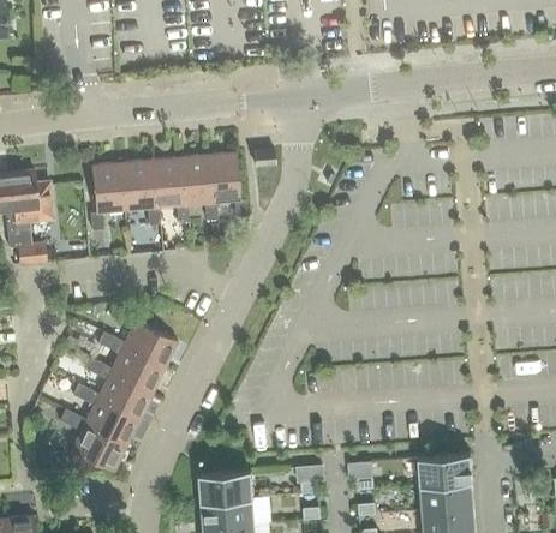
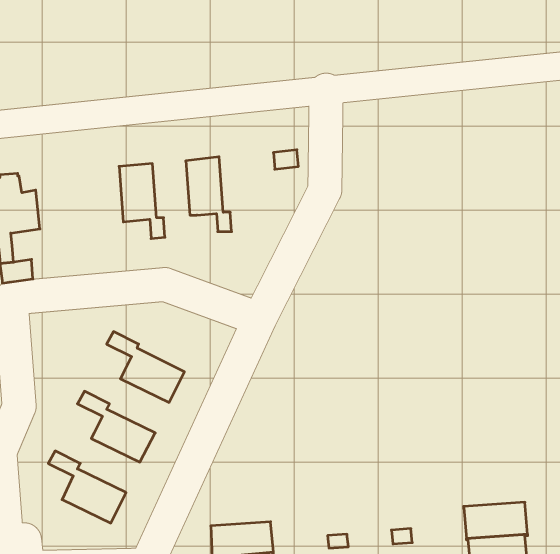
building: [205,152,245,217] -> none
building: [148,158,187,223] -> none
building: [89,163,122,230] -> none
building: [96,331,162,394] -> none
building: [71,383,137,445] -> none

